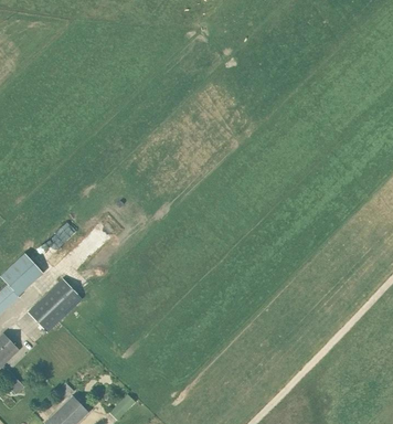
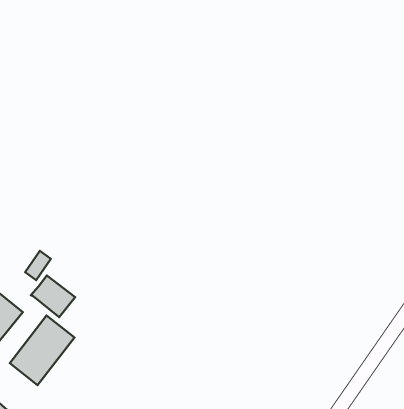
building: none -> [31,276,75,317]

